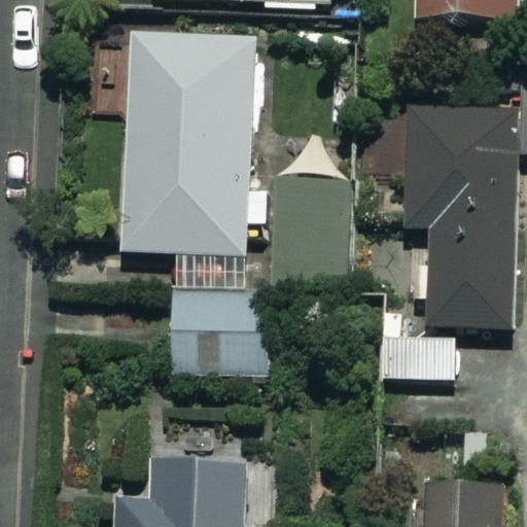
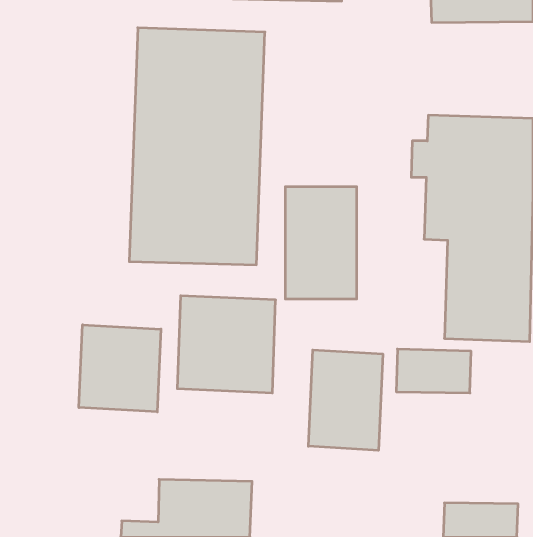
building: none -> [79,325,161,412]
building: none -> [308,350,383,450]

